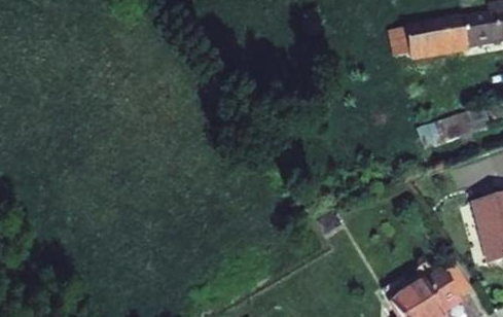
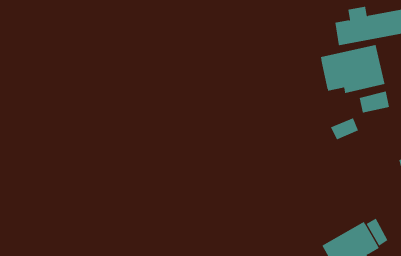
building: none -> [320,44,385,94]

